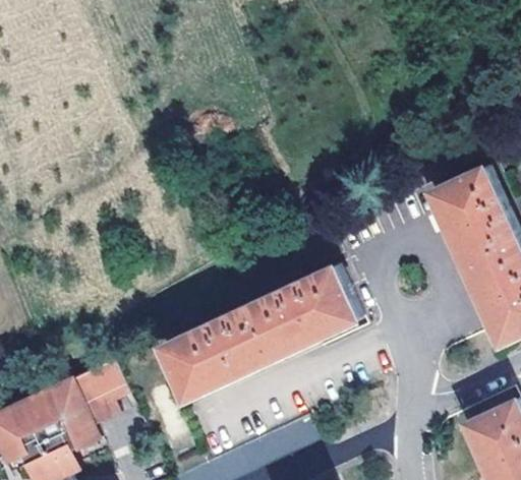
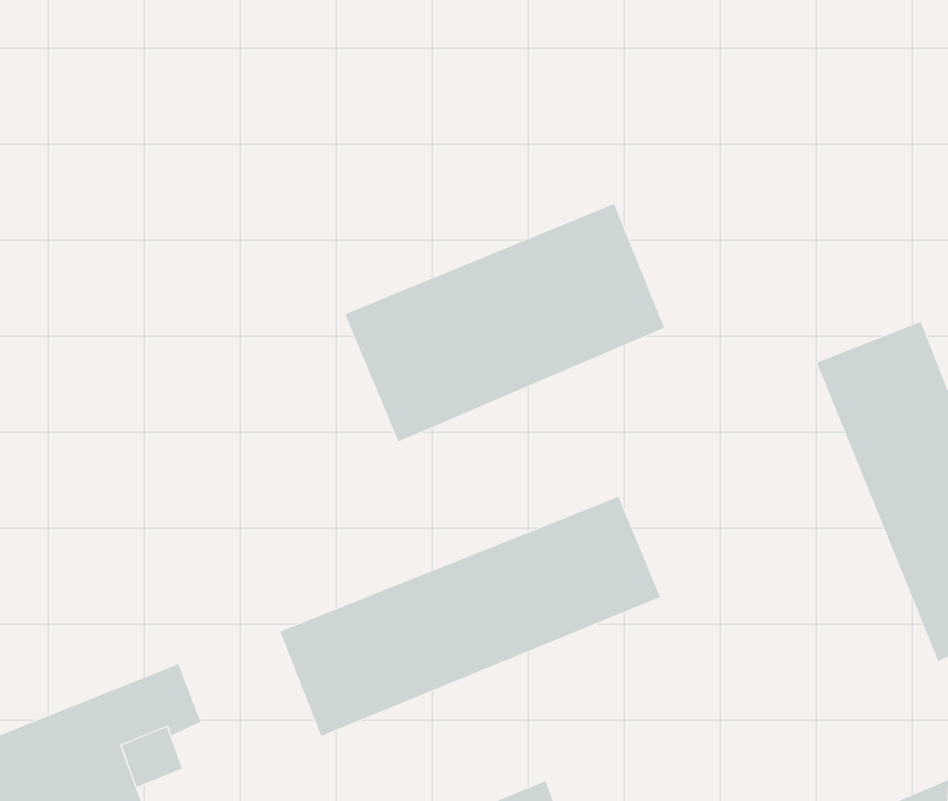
building: none -> [344,203,665,442]

